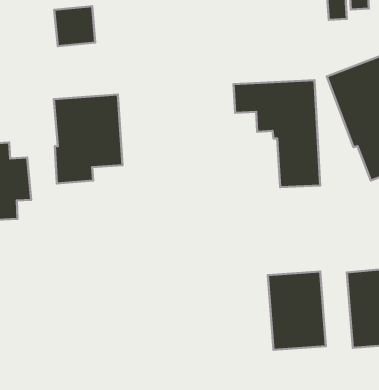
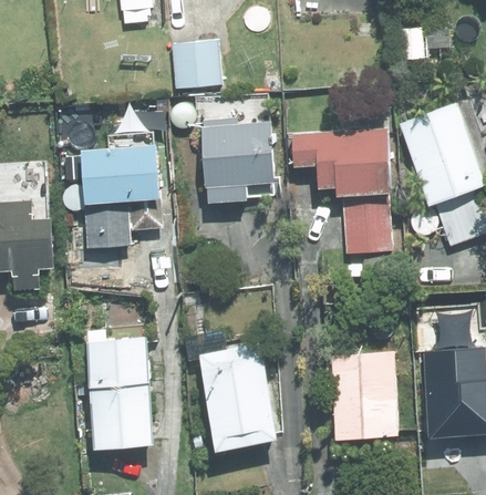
building: [54,6,95,46] -> [170,41,218,87]
building: none -> [203,117,275,204]
building: none -> [86,337,154,451]
building: none -> [198,342,278,452]

